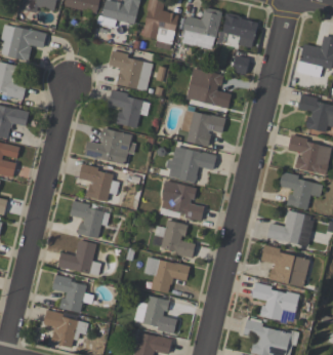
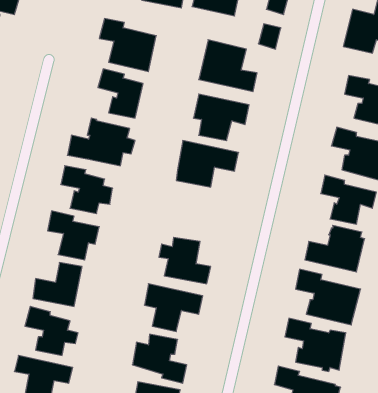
building: [159,181,204,221] -> none

